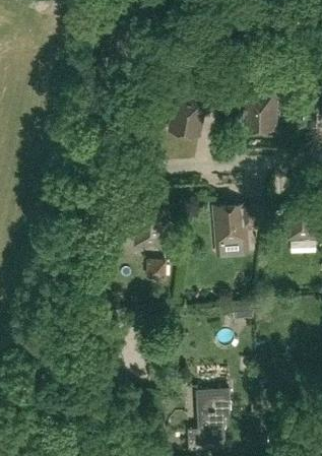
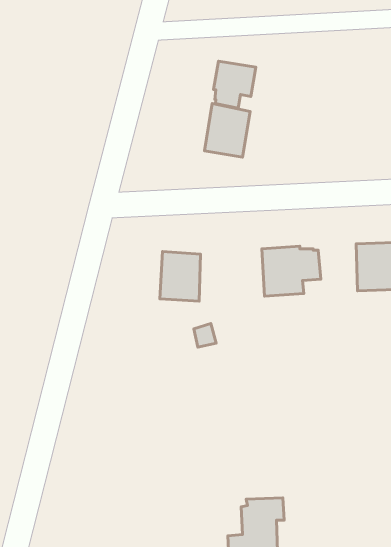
building: none -> [214,61,256,108]
building: [244,94,274,131] -> none

